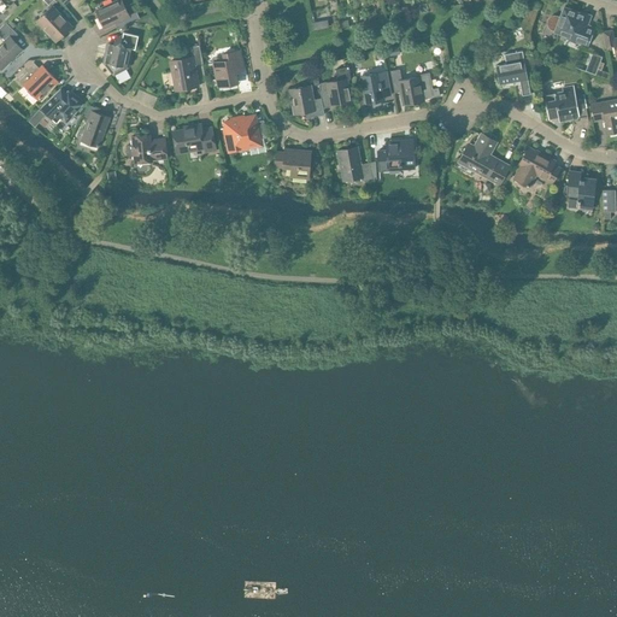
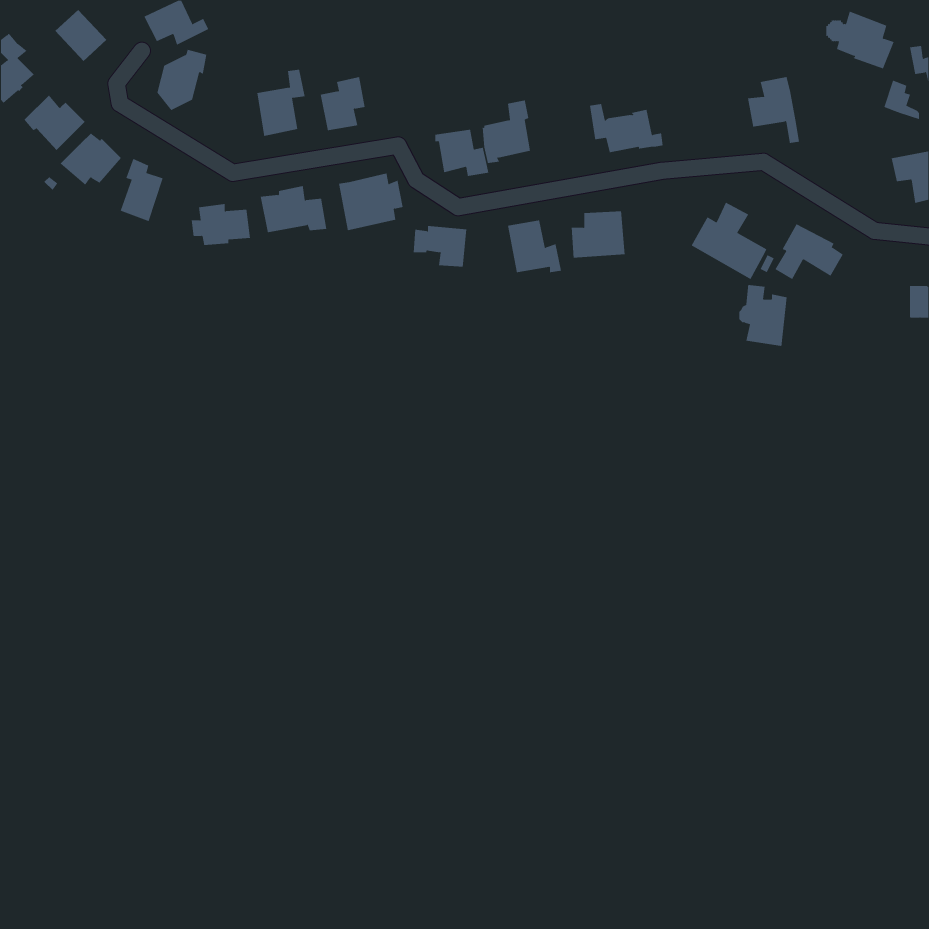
building: [362,72,390,107] -> none
building: [545,84,588,122] -> none
building: [563,170,595,211] -> [738,285,787,346]

